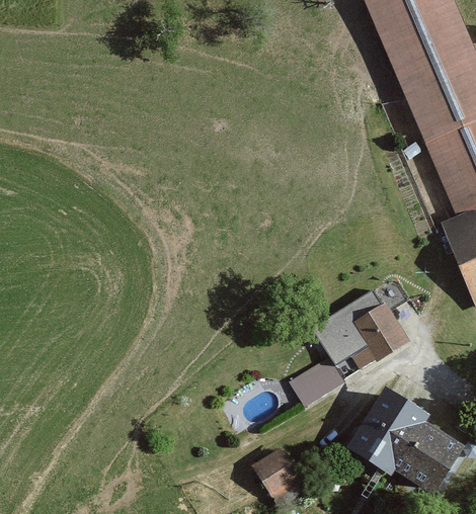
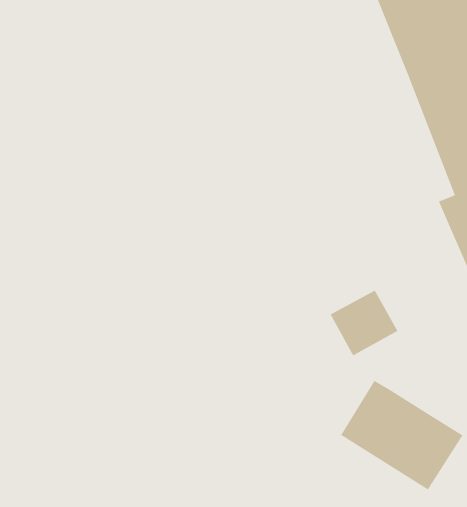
building: [290,356,344,406] -> none
building: [249,450,296,499] -> none

